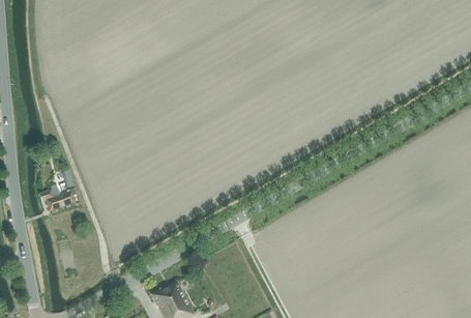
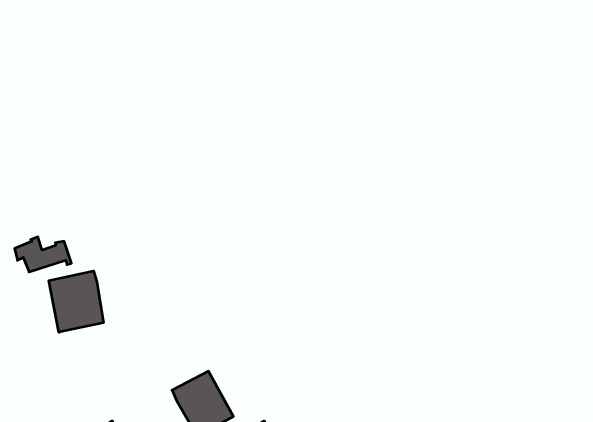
building: none -> [49,271,103,332]

